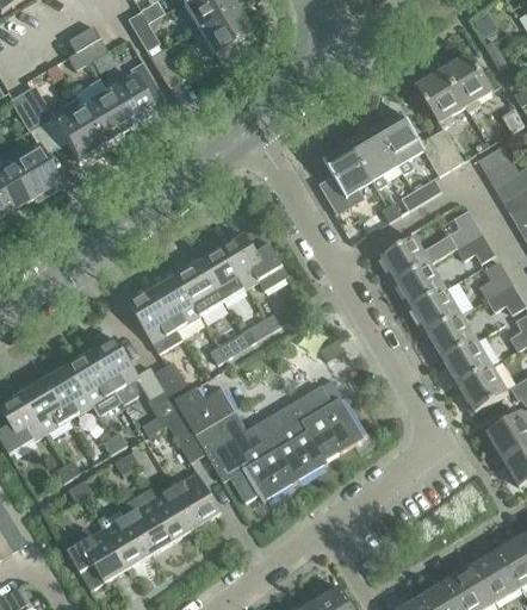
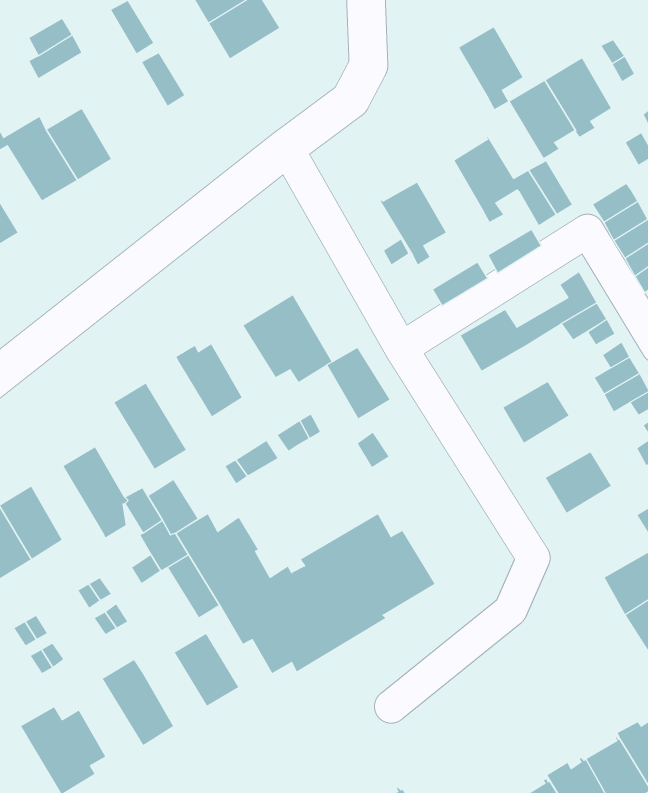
building: [106,62,160,127] -> none
building: [351,129,398,189] -> [458,26,524,110]
building: [200,249,247,301] -> [327,347,390,419]
building: [397,263,446,309] -> none
building: [153,272,200,330] -> none
building: [428,315,477,360] -> none
building: [69,351,122,415] -> none
building: [459,366,508,412] -> none
building: [144,478,197,541] -> none
building: [98,506,150,568] -> none

